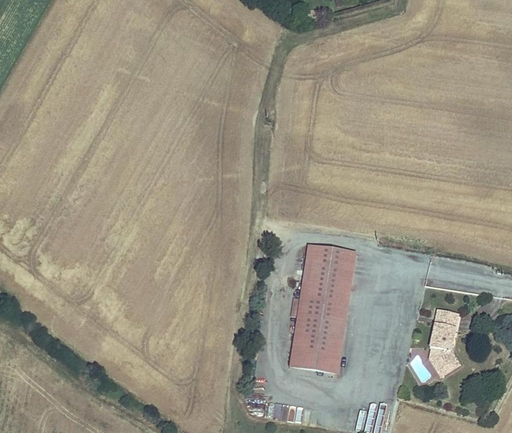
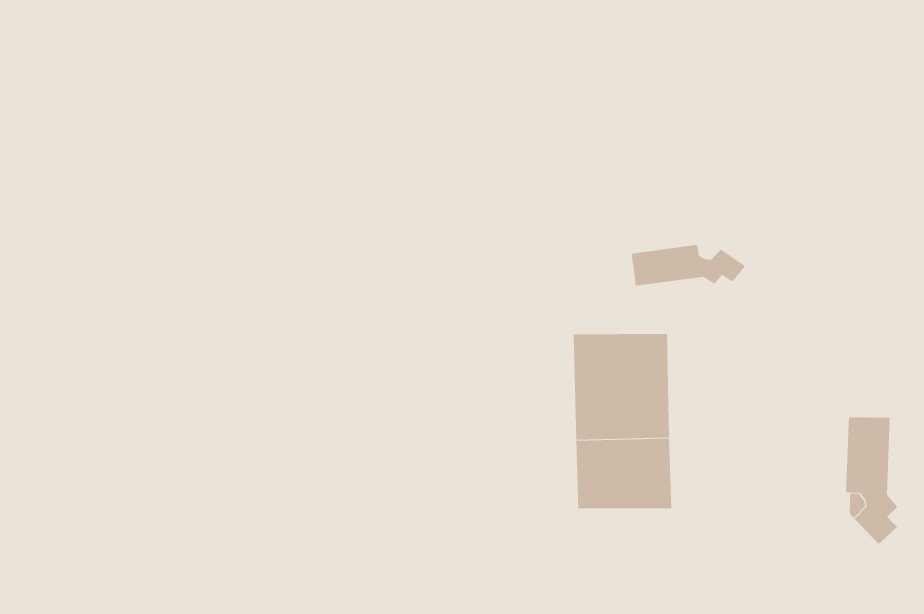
building: none -> [631,244,746,287]
building: [289,331,342,373] -> none

